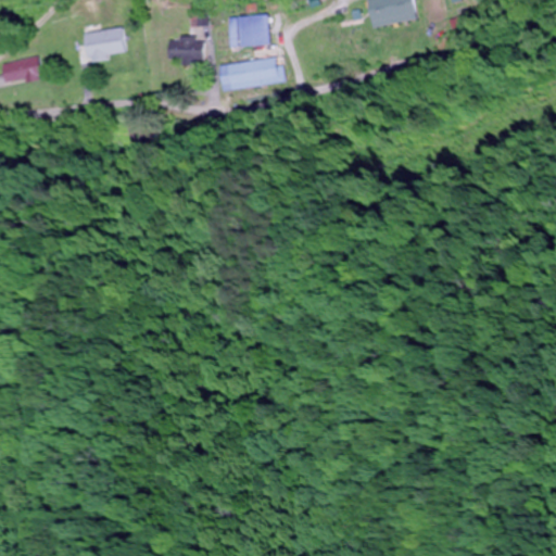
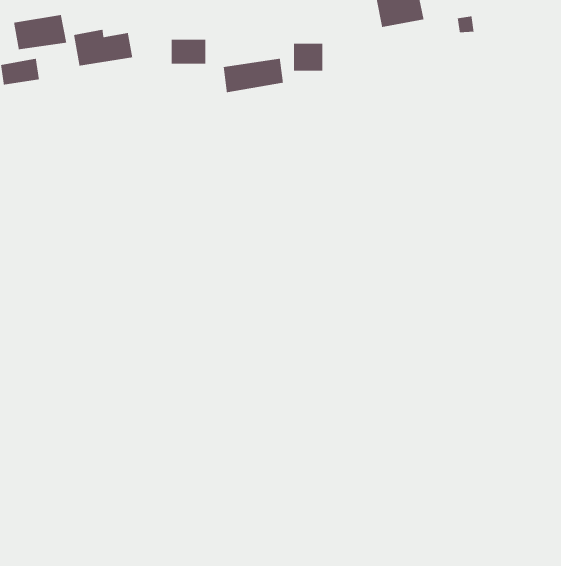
building: none -> [13,14,67,50]
building: [240,16,269,45] -> [293,43,323,72]

